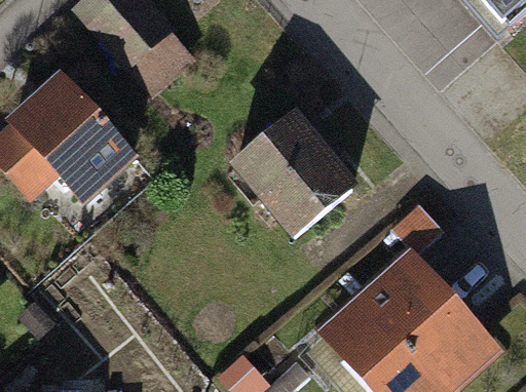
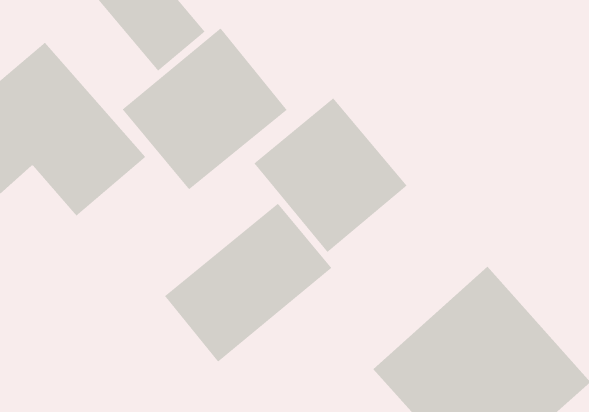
building: none -> [122,28,288,190]
building: none -> [164,203,332,363]

